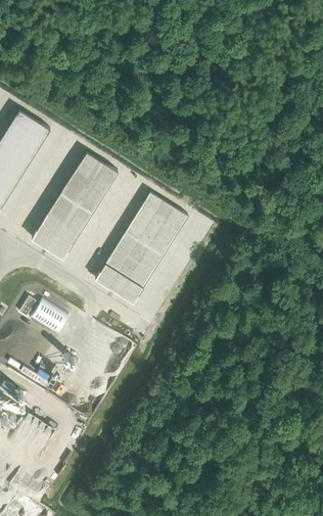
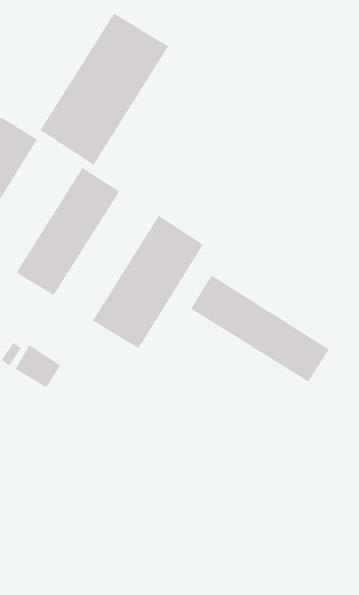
building: none -> [39,12,169,166]
building: none -> [190,275,330,383]

